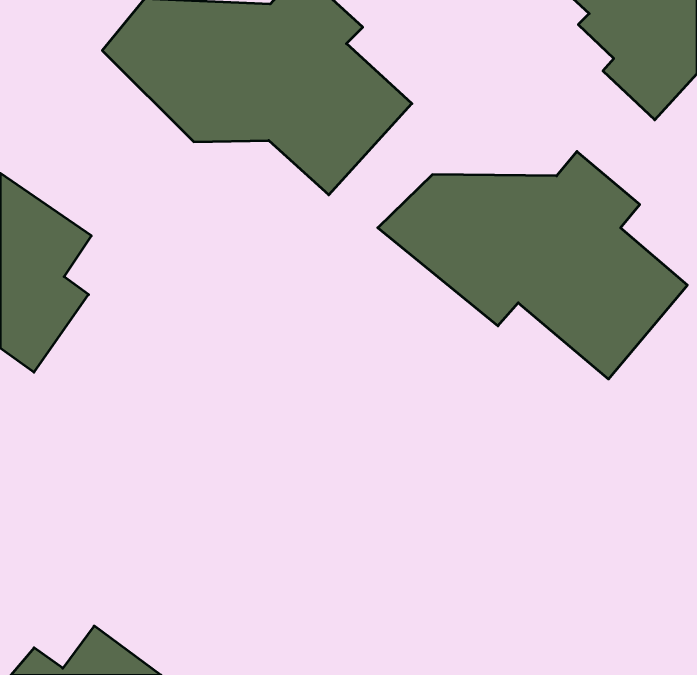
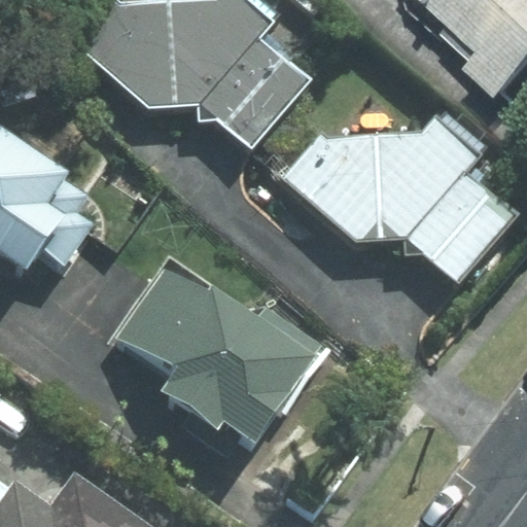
building: none -> [109,261,325,451]

